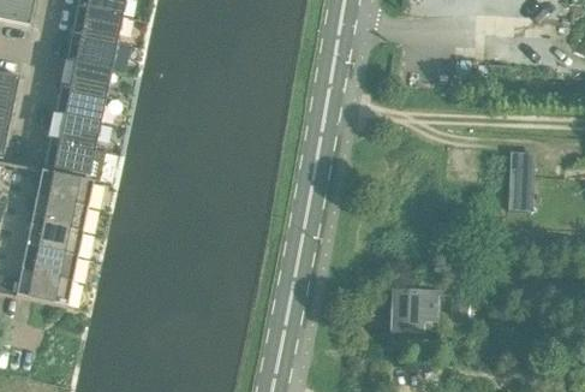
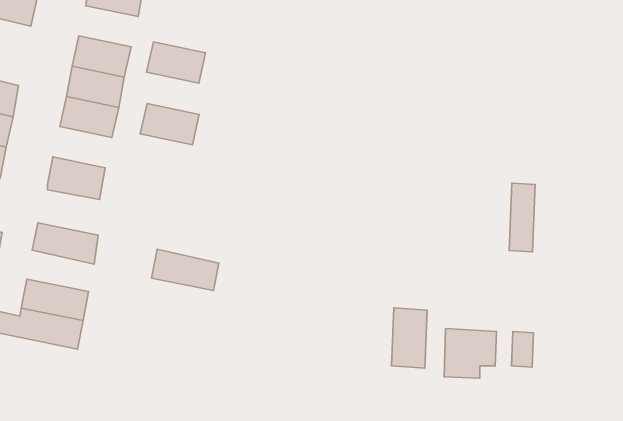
building: [71,6,123,42] -> [147,42,206,83]
building: [48,112,100,148] -> [140,103,199,145]
building: [508,149,531,209] -> [509,183,535,252]
building: [35,170,92,207] -> none
building: [25,220,84,256] -> [152,249,219,291]
building: none -> [391,308,427,368]

